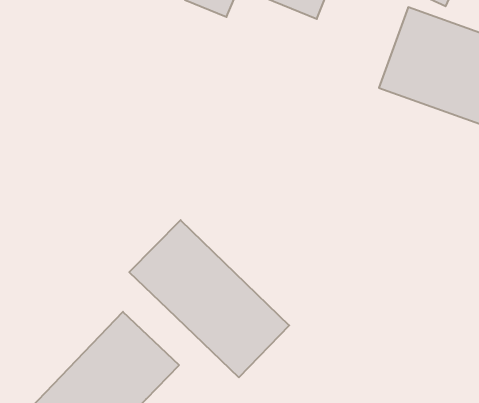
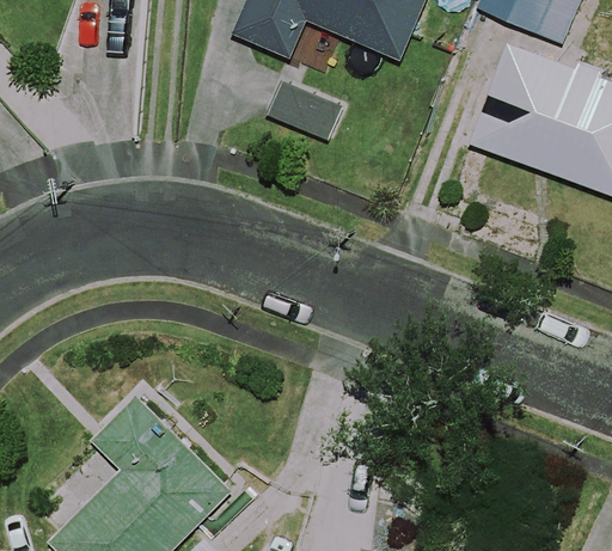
building: [129,220,289,377] -> none

